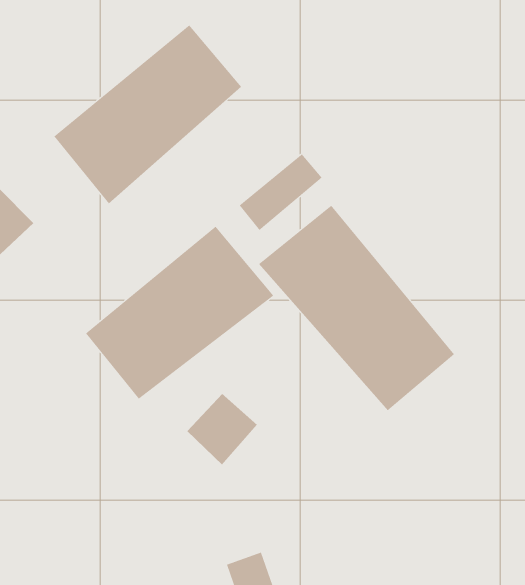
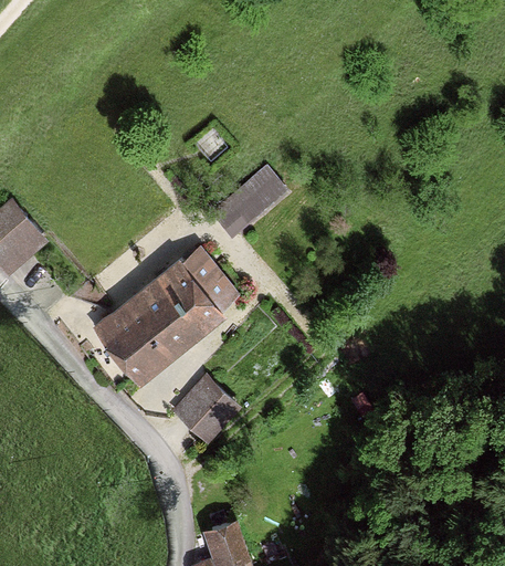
building: [54,24,242,204] -> none
building: [258,205,455,411] -> none

